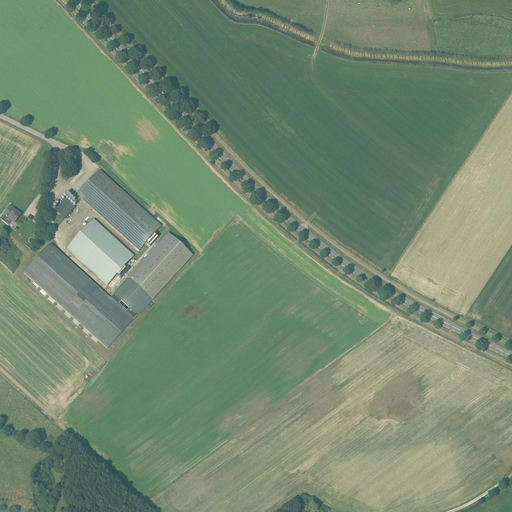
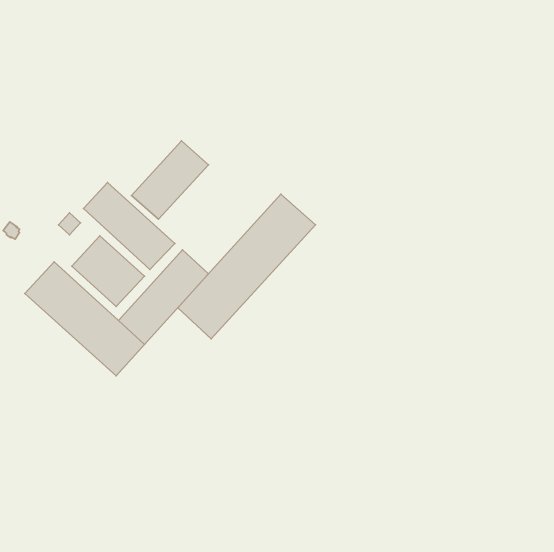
building: none -> [132,141,208,219]
building: none -> [178,194,315,339]

